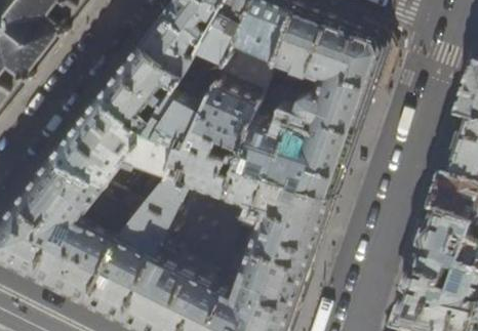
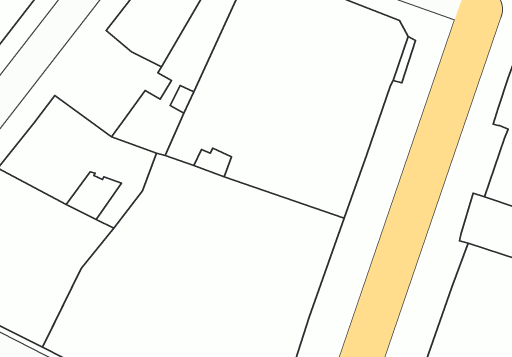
building: [89,41,176,128] -> none

